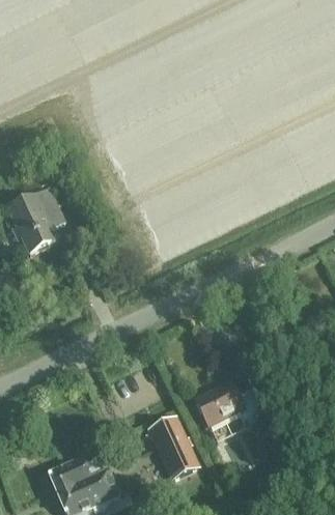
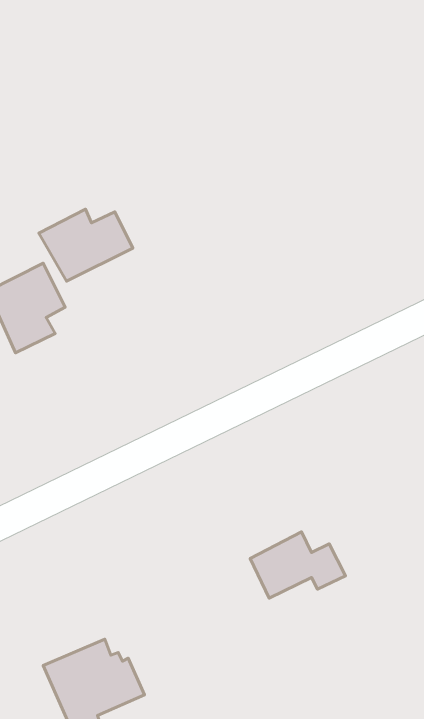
building: none -> [39,209,133,281]
building: [148,416,199,478] -> none

